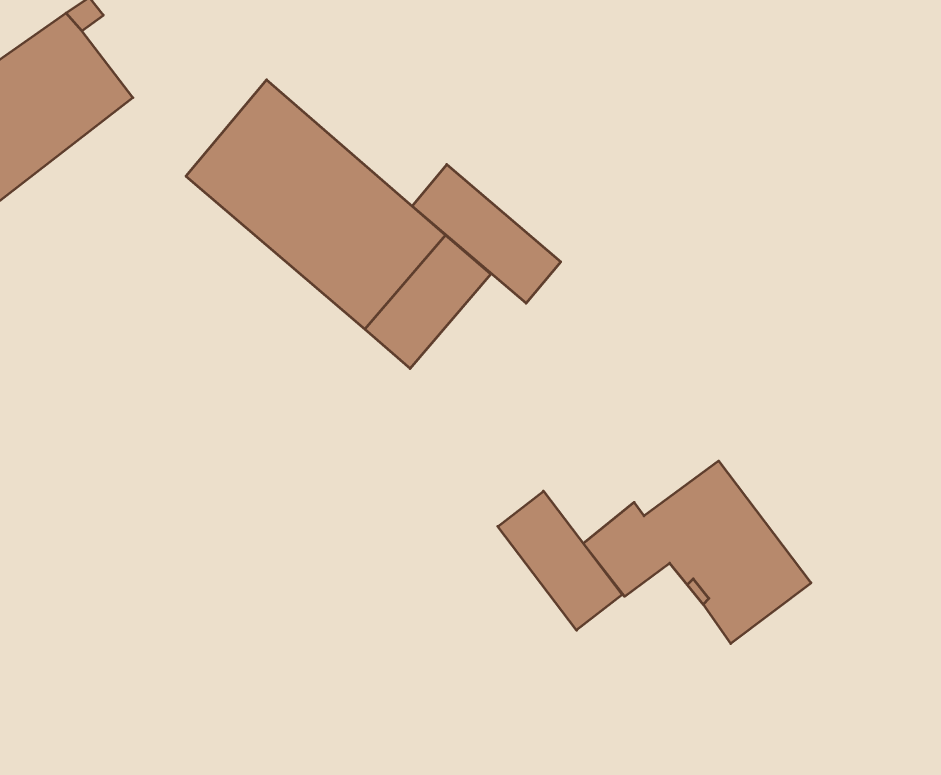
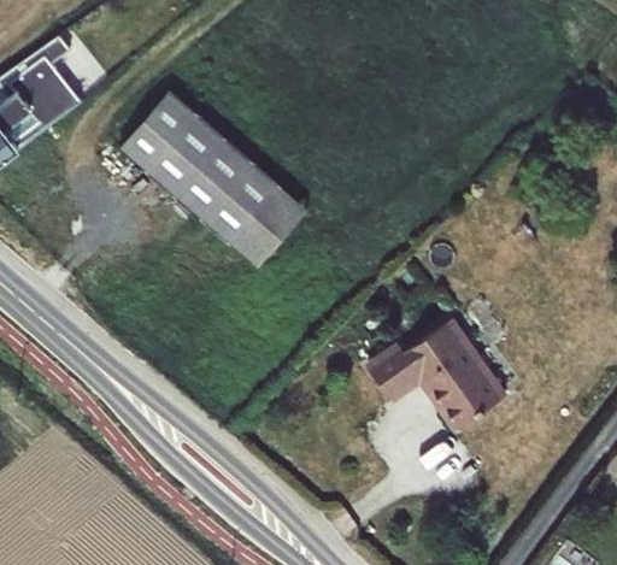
building: [412,164,561,303] -> none
building: [498,491,622,630] -> none

